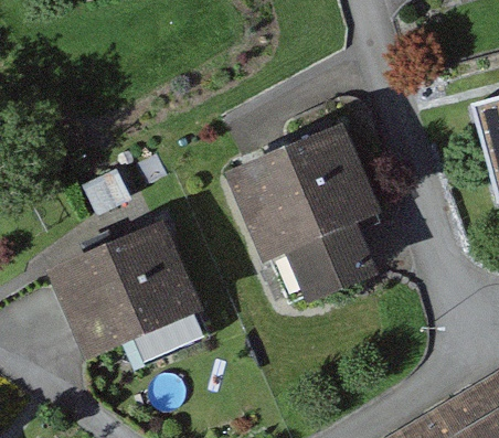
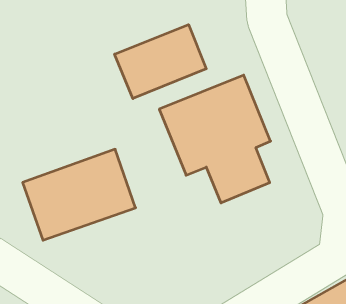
building: none -> [115,25,206,99]

